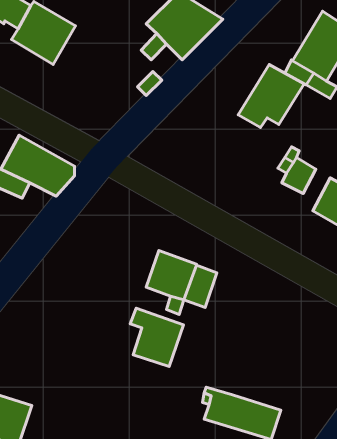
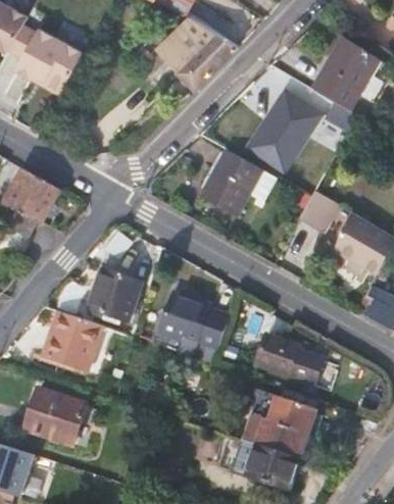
building: none -> [200,148,277,216]
building: none -> [86,266,139,318]
building: none -> [255,334,318,383]
building: [130,308,184,366] -> [43,307,99,368]
building: none -> [29,391,85,440]
building: none -> [247,396,314,461]

